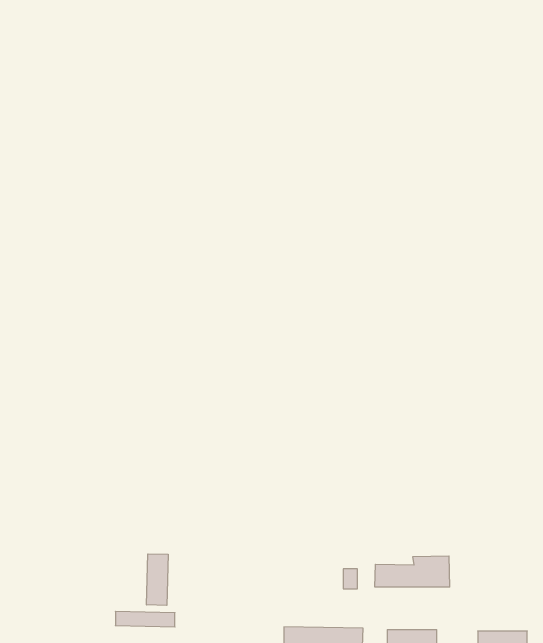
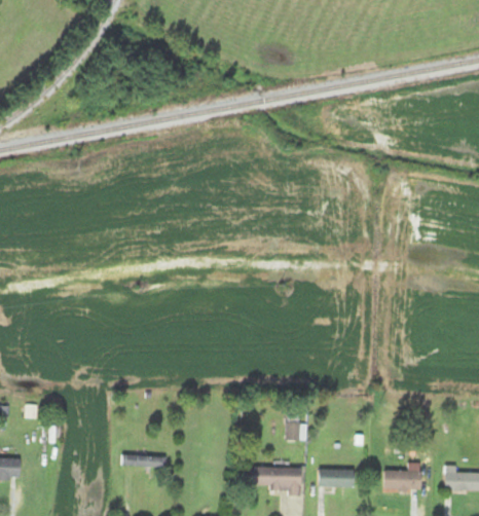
building: [147,554,168,605] -> none
building: [375,556,450,587] -> none

